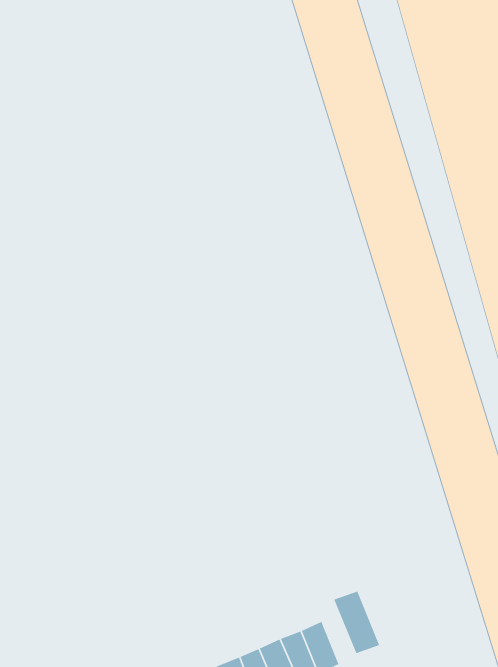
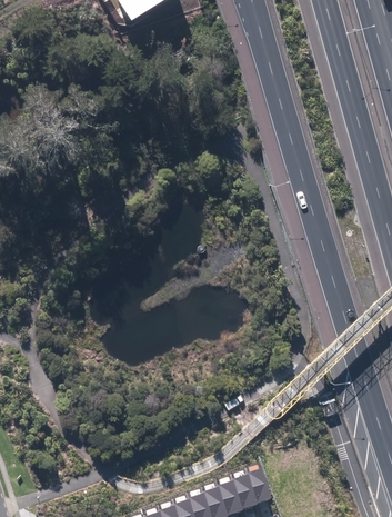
building: [333,591,380,654] -> none

